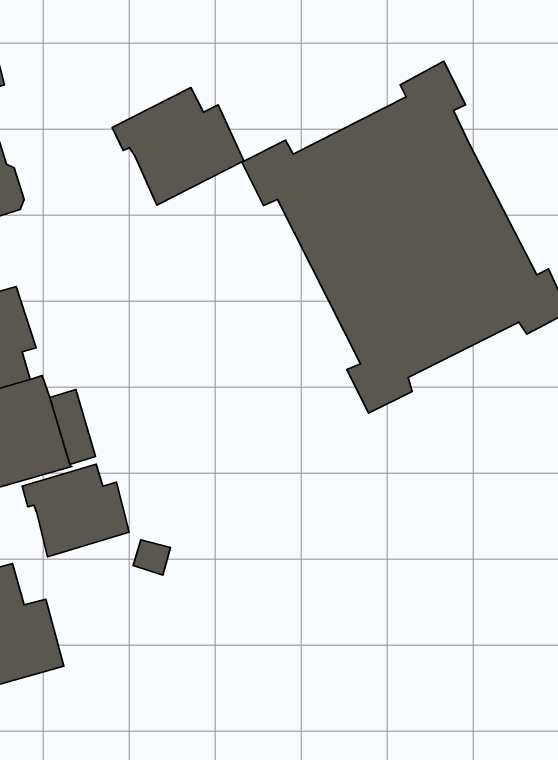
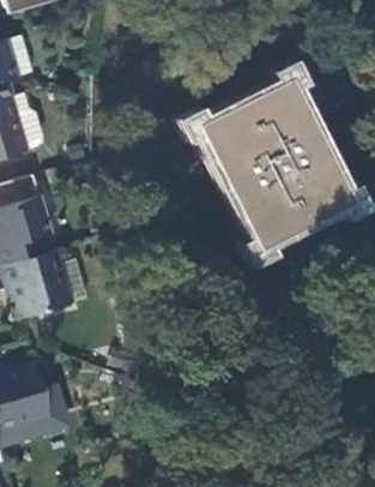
building: [112,88,244,205] -> none
building: [22,464,129,557] -> none

